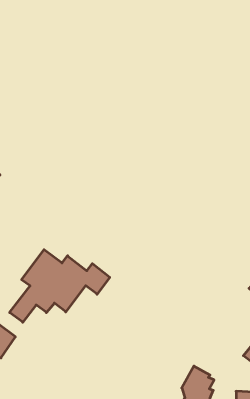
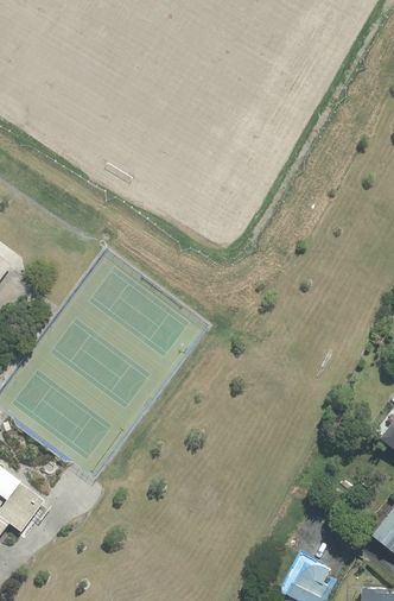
building: [10,250,110,322] -> none

